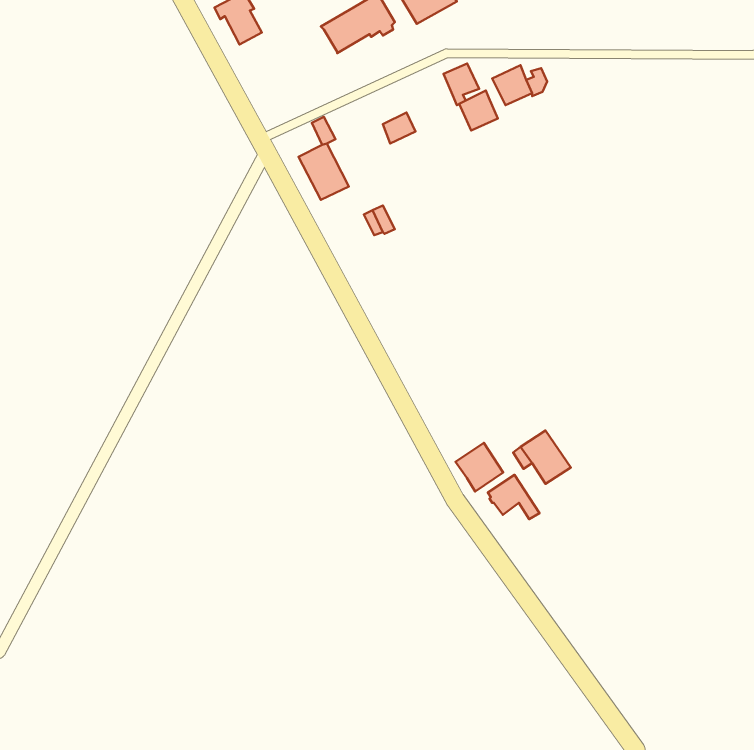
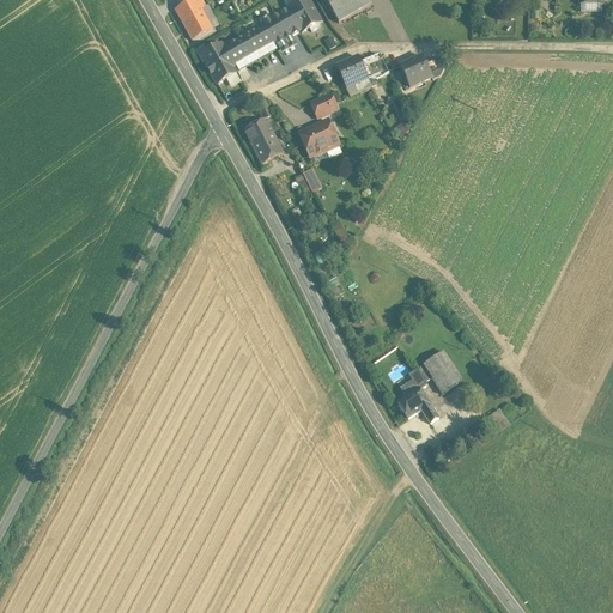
building: none -> [200,24,273,80]
building: [459,91,498,130] -> [335,54,366,86]
building: none -> [298,117,338,154]
building: [456,443,503,492] -> none

